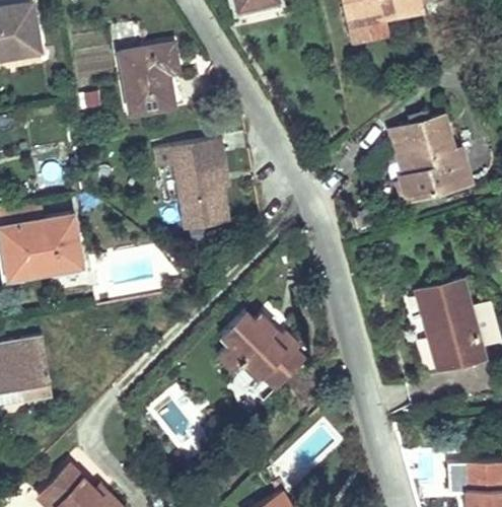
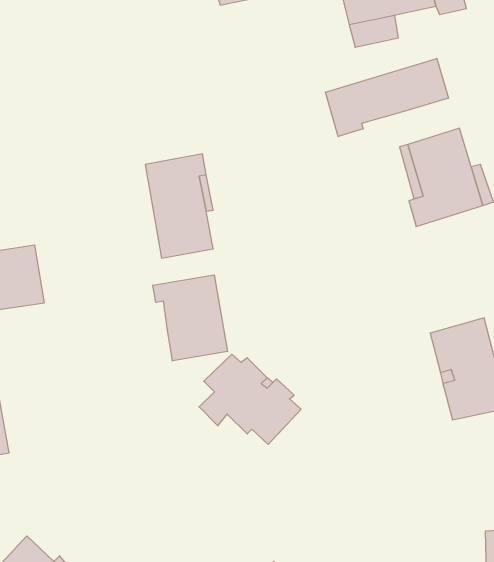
building: [121,45,175,112] -> none
building: none -> [325,58,448,137]
building: none -> [153,275,227,361]

